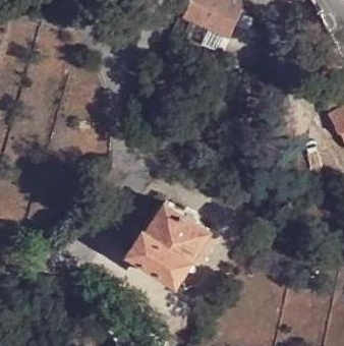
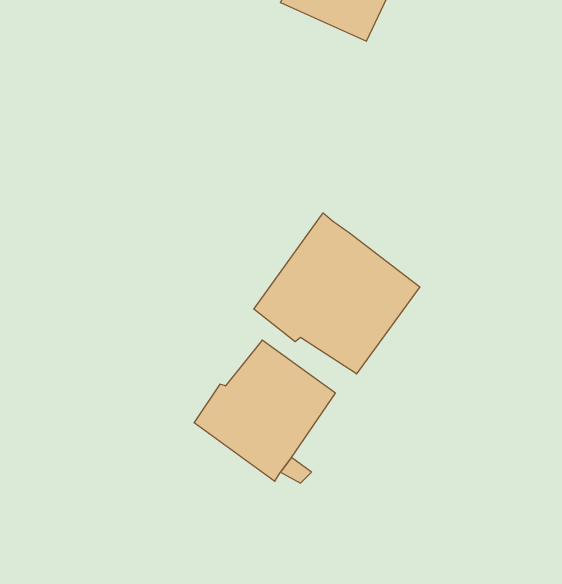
building: none -> [254,213,420,374]

